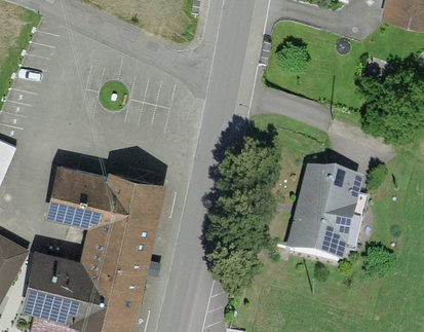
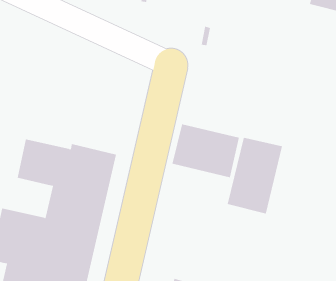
building: none -> [172,124,239,178]

